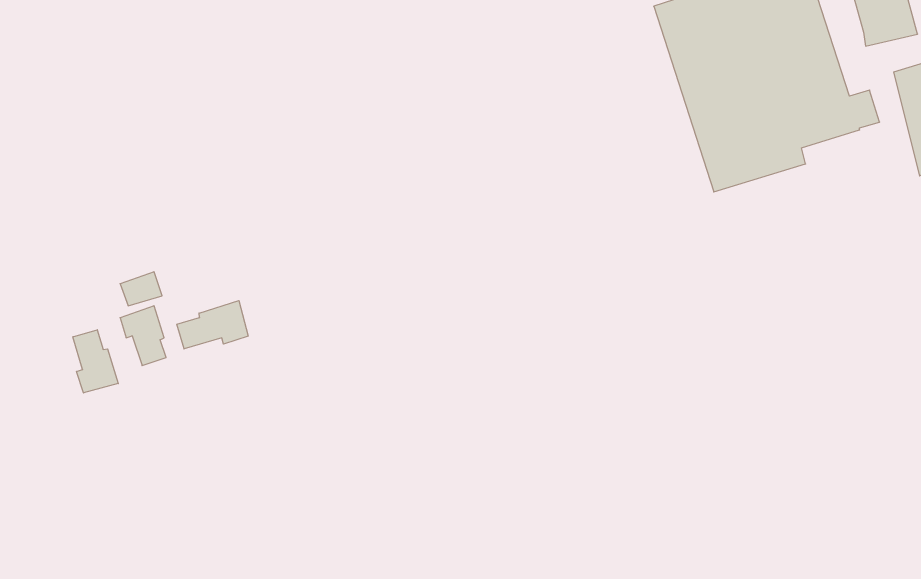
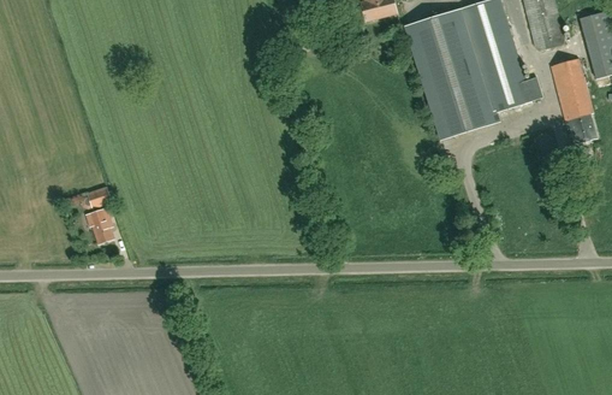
building: [177,301,248,349] -> none
building: [73,330,118,393] -> none

